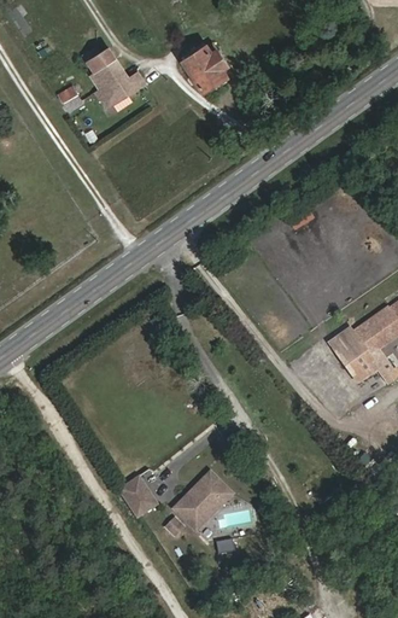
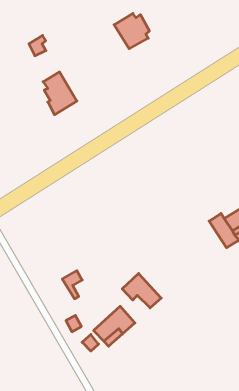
building: [84,47,135,110] -> [43,72,77,115]
building: none -> [122,273,161,308]
building: [118,474,147,515] -> [62,271,82,299]

